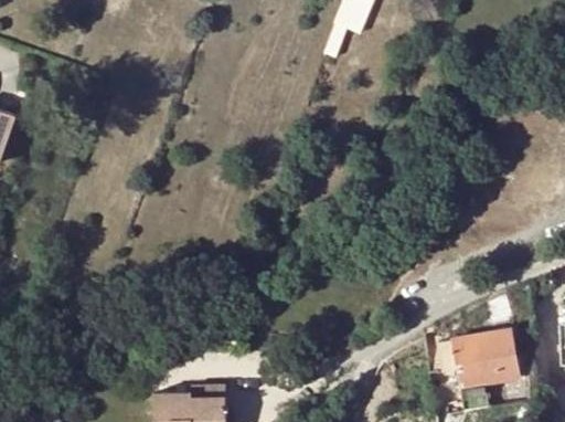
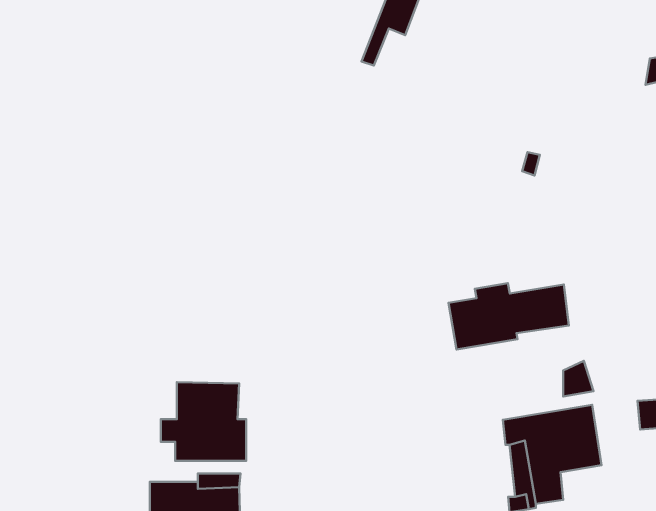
building: none -> [449,283,569,349]
building: none -> [161,382,246,461]

